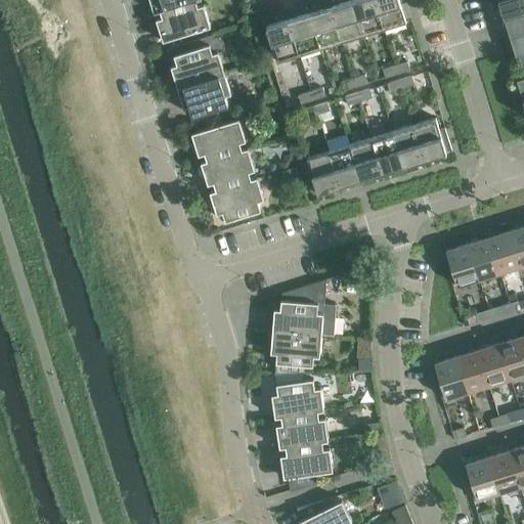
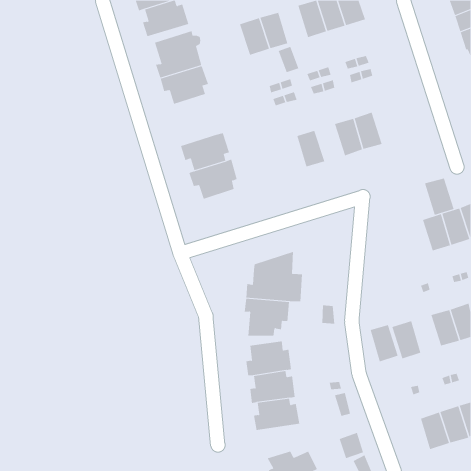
building: [309,7,341,49] -> none
building: [191,119,246,161] -> none
building: [412,119,451,161] -> none
building: [349,138,382,180] -> none
building: [306,151,339,193] -> none
building: [445,245,479,287] -> [424,178,455,216]
building: [456,350,488,392] -> [370,324,399,362]

